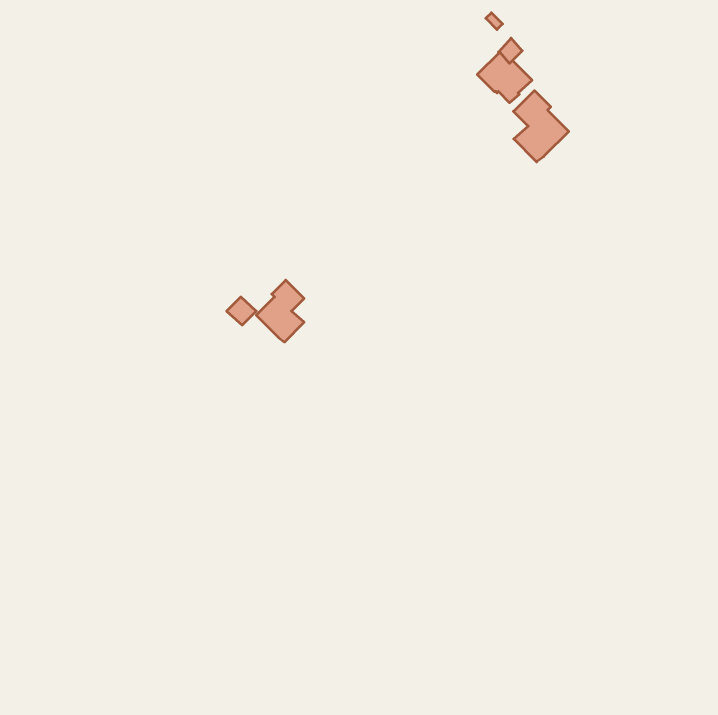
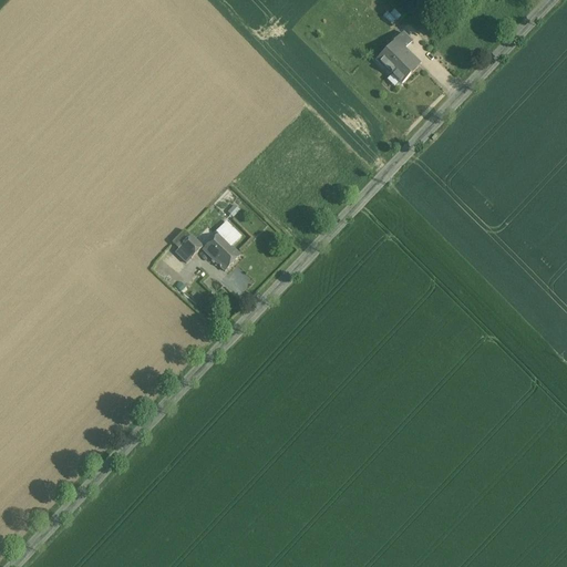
building: [513,91,569,162] -> none

